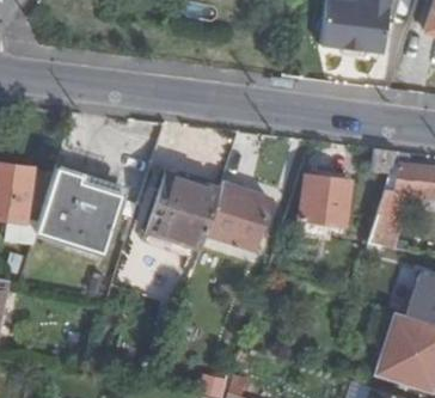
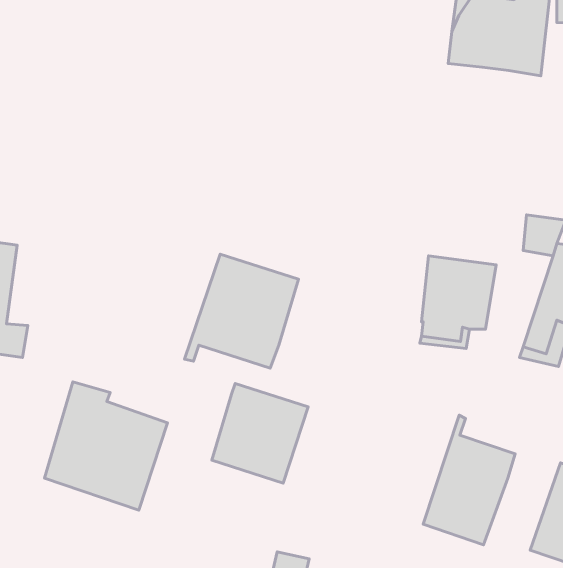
building: [39,166,122,252] -> [44,382,167,510]
building: [207,183,271,250] -> [212,384,308,483]
building: none -> [423,415,515,545]

